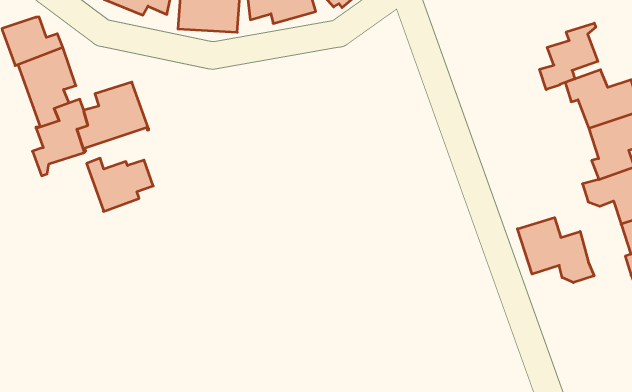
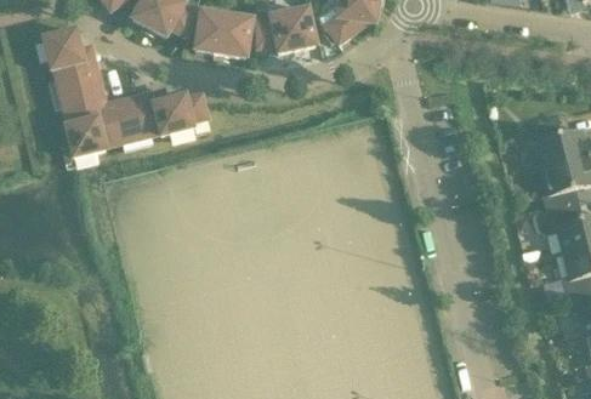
building: [540,23,598,90] -> none
building: [87,158,153,211] -> [150,89,206,135]
building: [517,218,594,283] -> none

